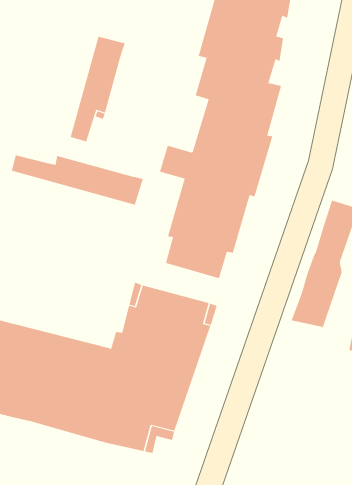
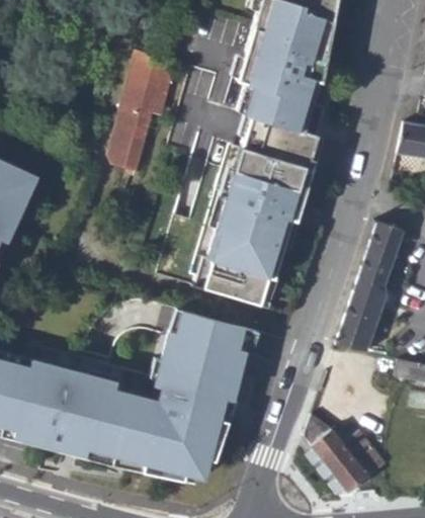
building: [11,155,143,205] -> none
building: none -> [303,418,385,495]

